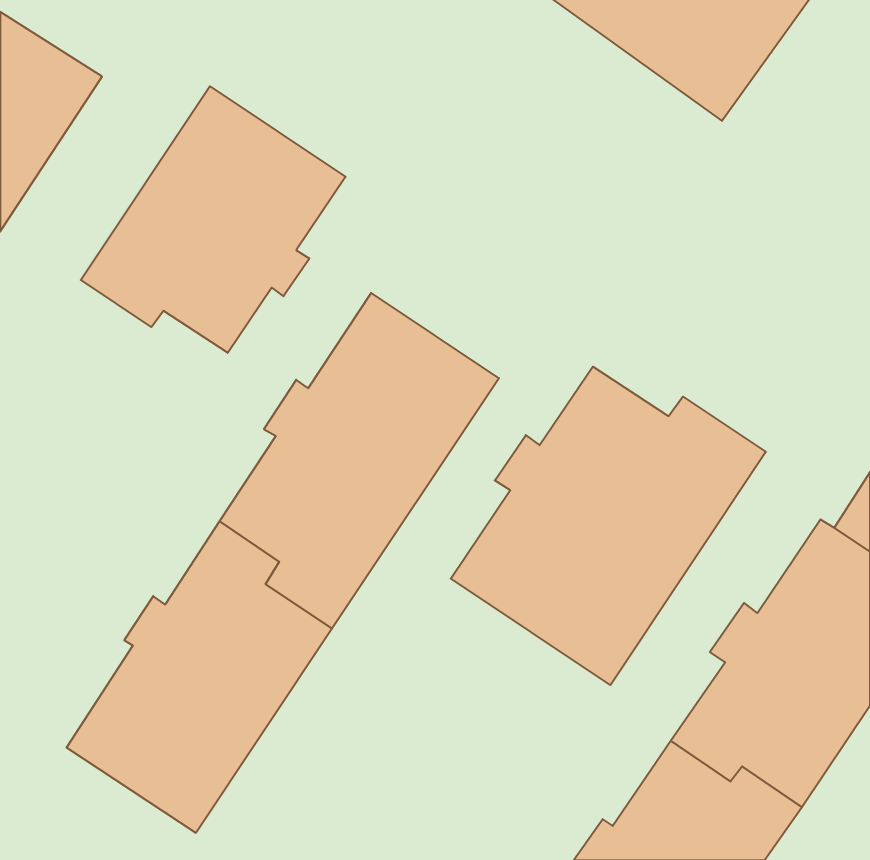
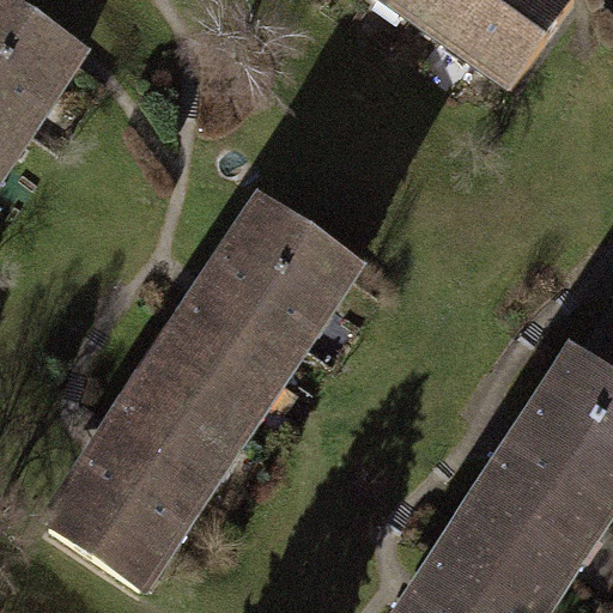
building: [81,86,346,353] -> none
building: [451,367,766,685] -> none

